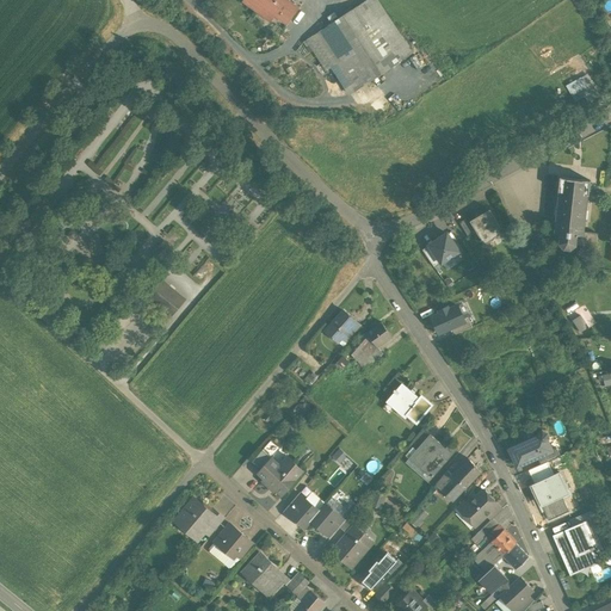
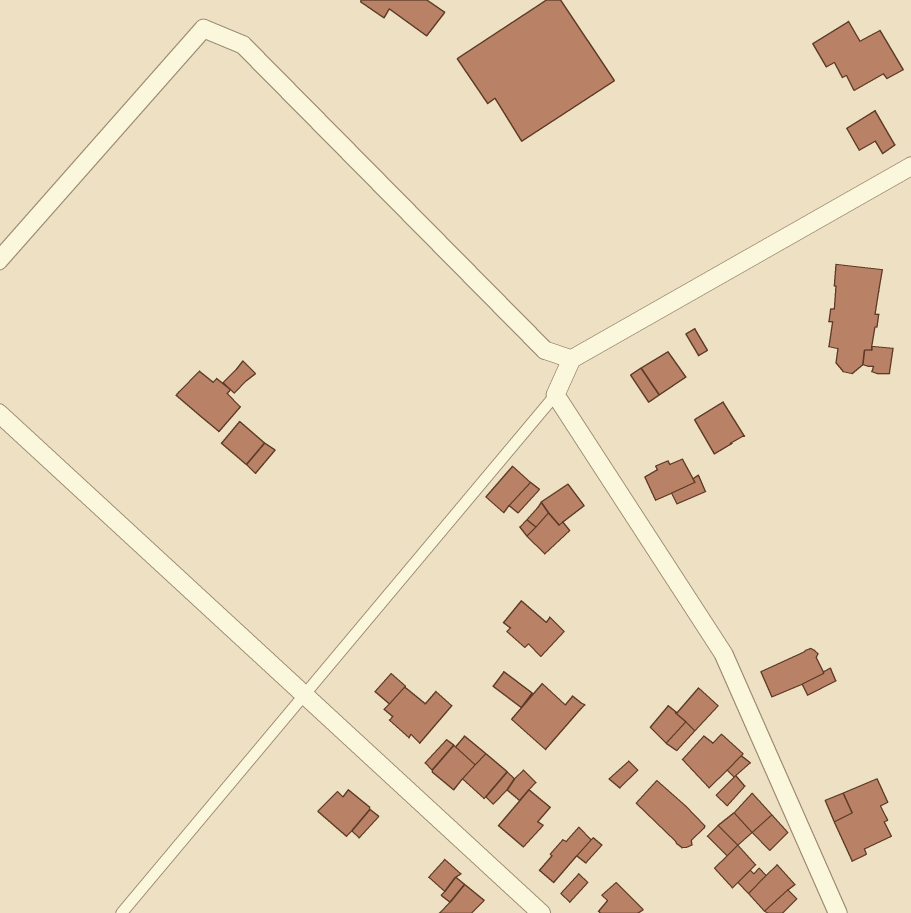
building: none -> [813,21,903,90]
building: [469,210,502,245] -> [695,402,745,454]
building: none -> [176,371,240,432]
building: [389,387,430,424] -> [503,601,564,656]
building: [408,434,457,479] -> [512,684,585,750]
building: [529,470,569,521] -> none
building: [177,499,223,536] -> none
building: none -> [636,781,705,848]
building: [241,553,283,598] -> none

